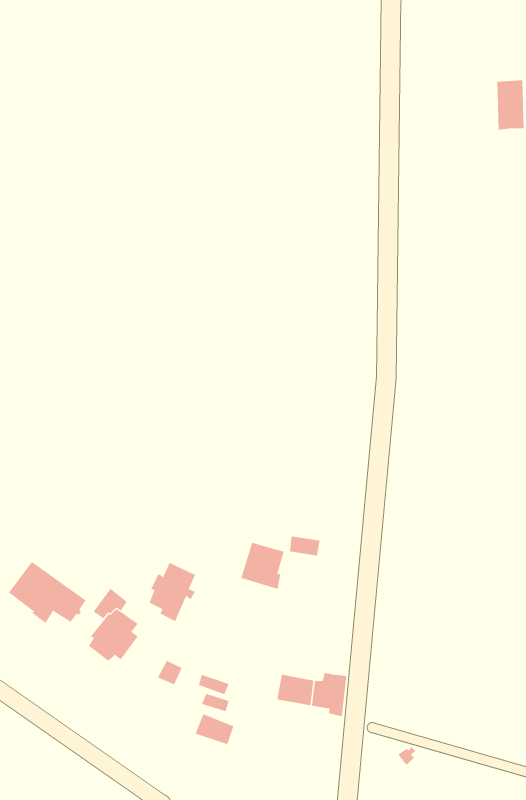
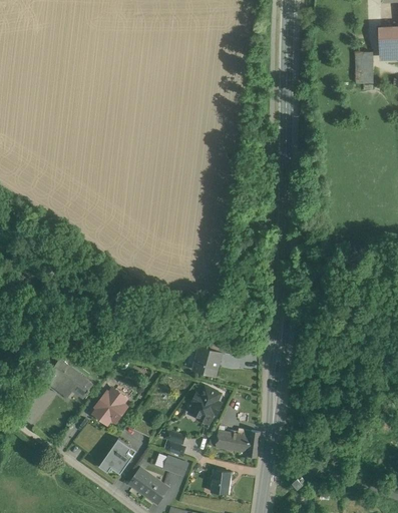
building: [149,562,196,622] -> [190,387,221,425]
building: none -> [101,434,133,469]
building: none -> [129,470,167,504]
building: none -> [211,472,231,495]

